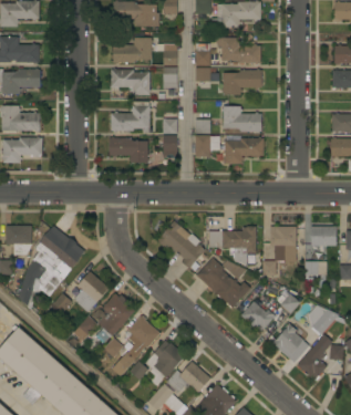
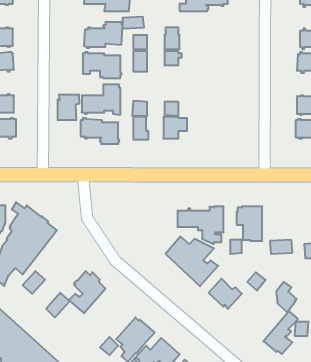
building: [216,38,260,65] -> none
building: [221,69,261,95] -> none
building: [221,106,261,133] -> none
building: none -> [58,94,79,120]
building: [223,137,264,164] -> none
building: [156,220,205,273] -> none
building: [311,227,337,246] -> none
building: [73,271,109,312] -> none
building: [103,315,159,360] -> none
building: [272,324,303,357] -> none

